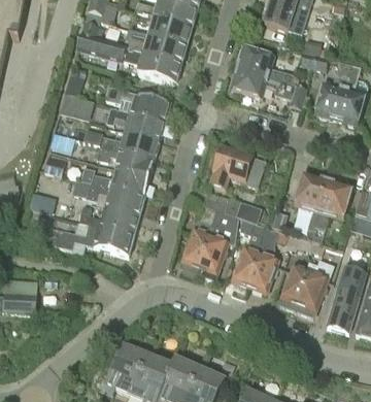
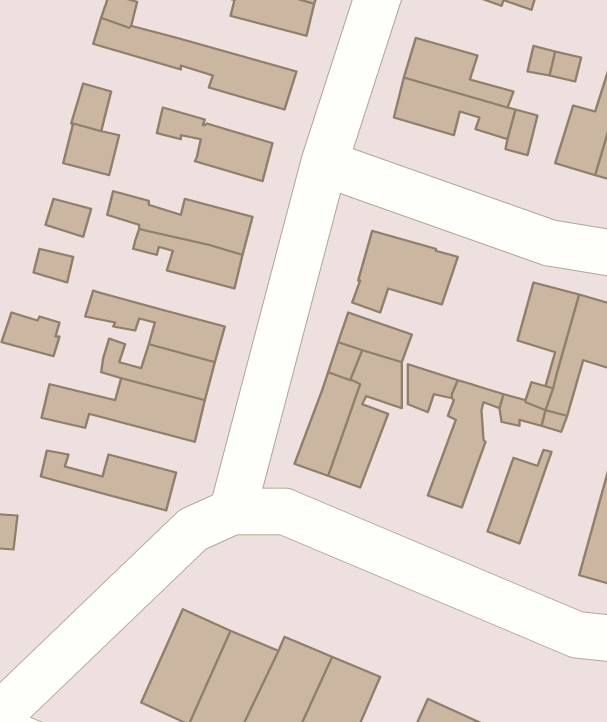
building: [120,34,187,63] -> none
building: [107,102,164,138] -> none
building: [79,164,149,195] -> [41,451,176,510]
building: [233,241,264,282] -> none
building: [297,260,328,313] -> none

